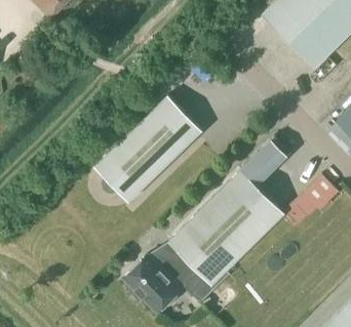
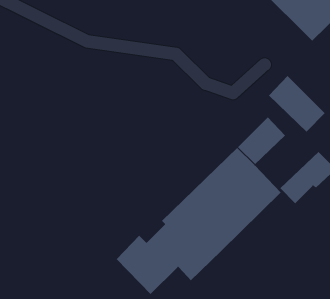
building: [93,95,202,203] -> none
building: none -> [268,75,326,132]

